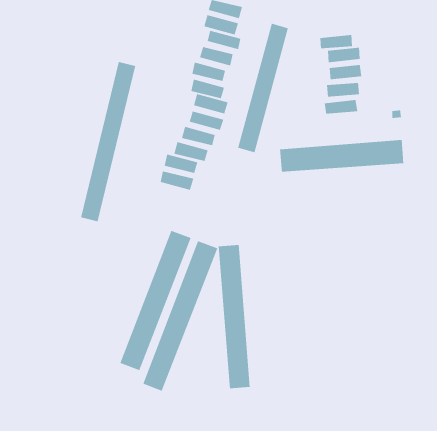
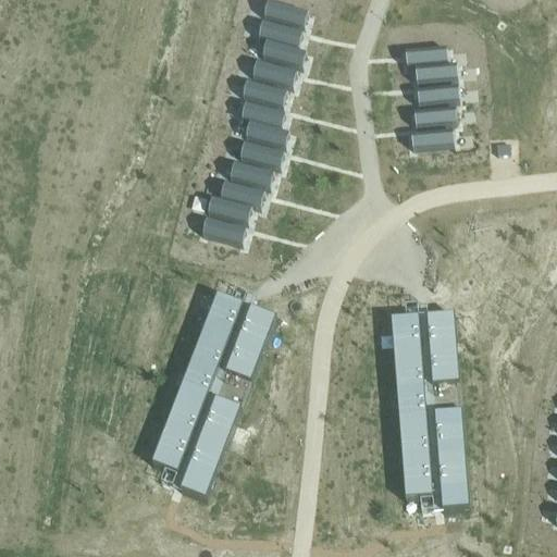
building: [237,23,289,153] -> none
building: [81,61,136,222] -> none
building: [280,139,404,173] -> none
building: [218,245,251,389] -> [391,313,432,496]
building: none -> [426,310,469,507]

